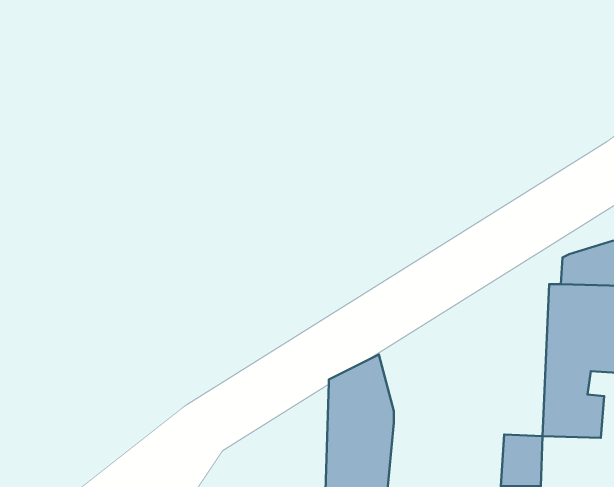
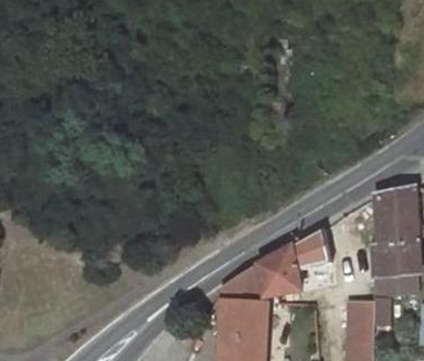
building: none -> [258,233,317,300]

